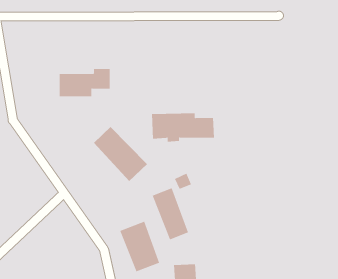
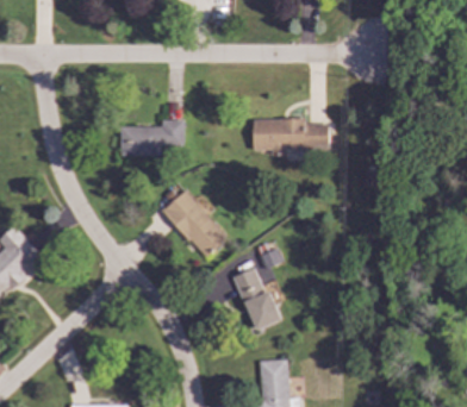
building: [151,113,215,142] -> [253,118,330,154]
building: [119,221,160,272] -> none

